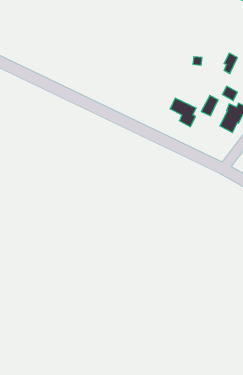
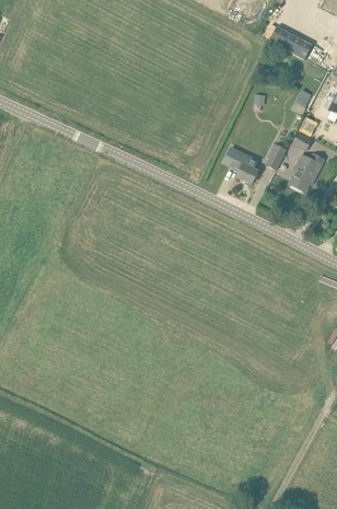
building: none -> [270,26,313,59]

